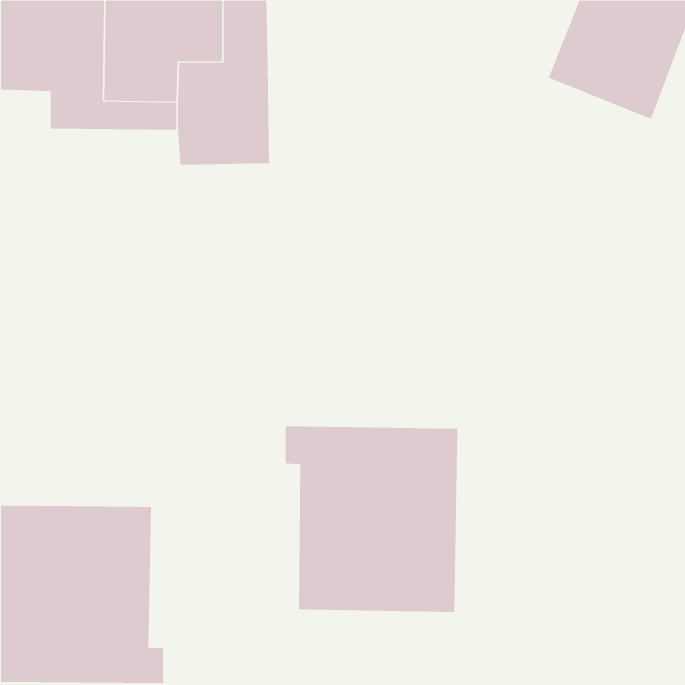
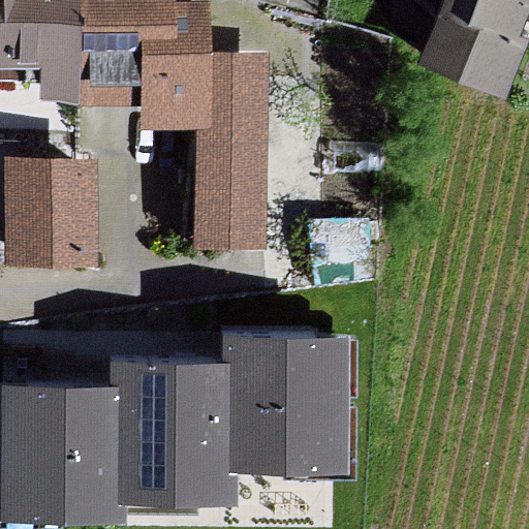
building: none -> [195,52,266,247]
building: none -> [5,158,93,262]
building: none -> [108,356,240,501]

